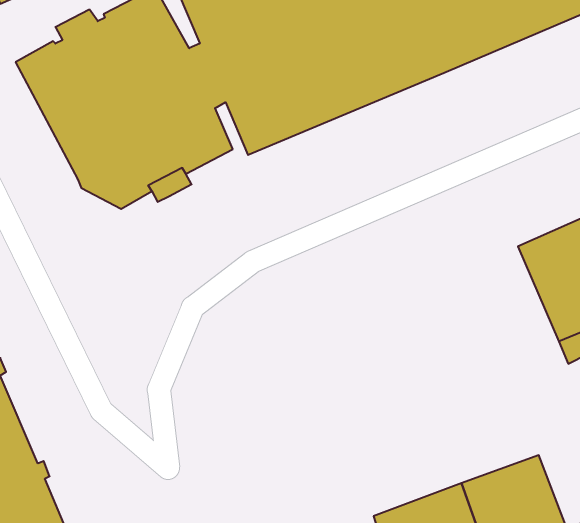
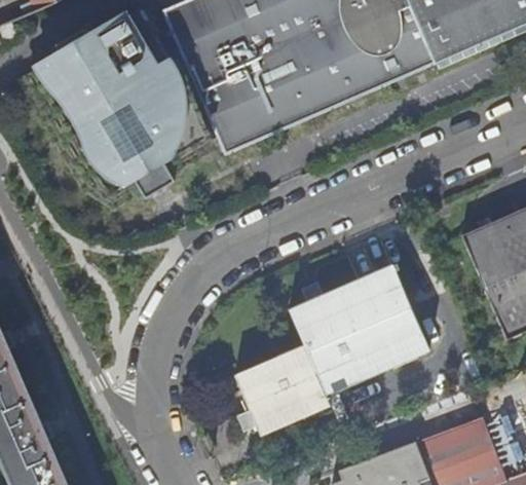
building: none -> [234,261,427,433]

